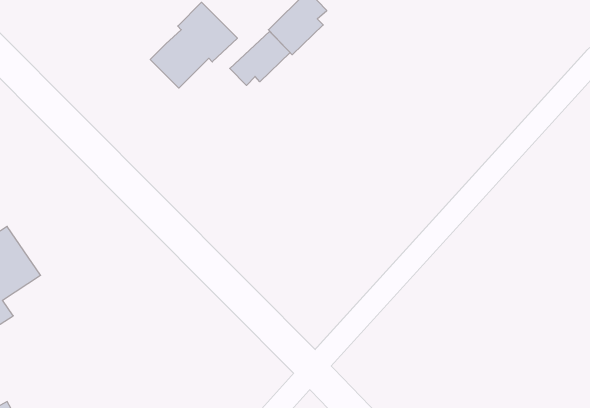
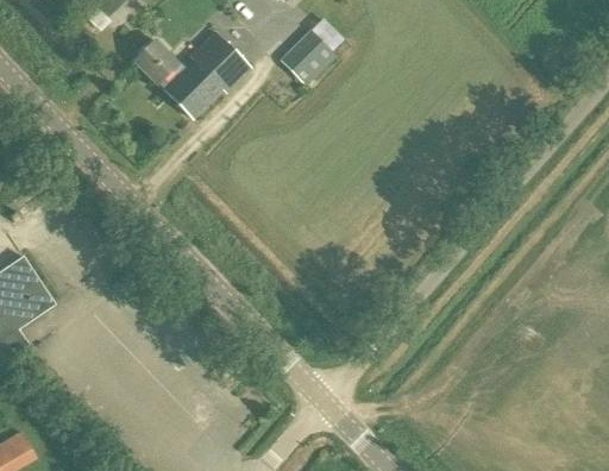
building: none -> [131,36,180,88]
building: [230,31,290,85] -> none

